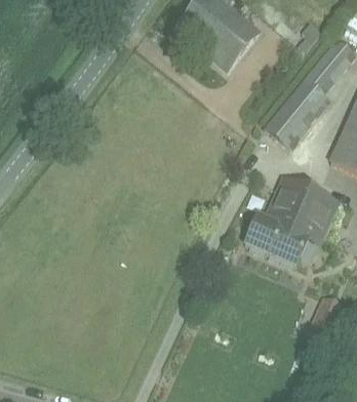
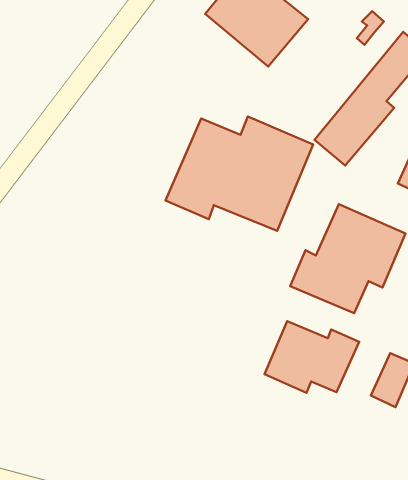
building: none -> [165,116,313,231]
building: none -> [264,321,359,393]

